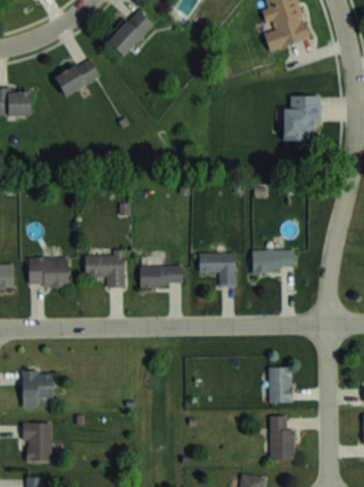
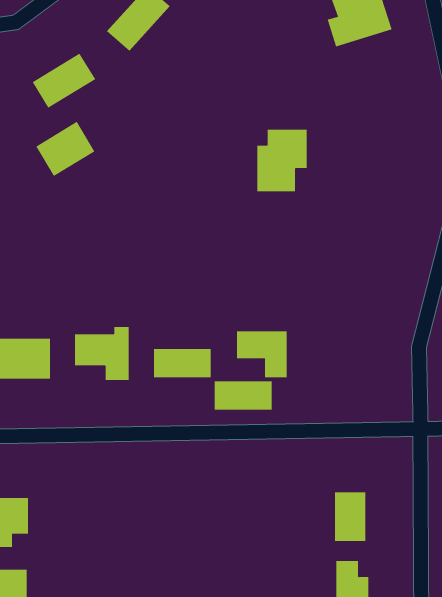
building: [283,96,320,141] -> [256,129,308,192]
building: none -> [36,121,95,177]
building: [252,250,294,271] -> [214,381,272,410]

